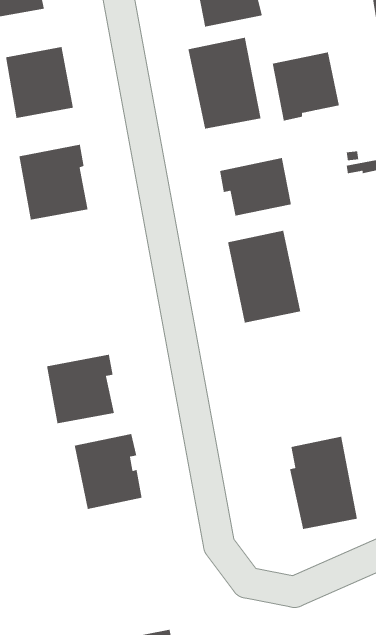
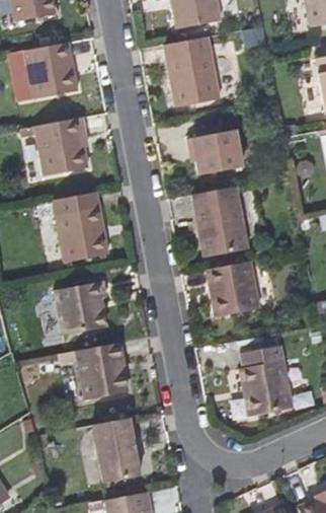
building: [272,51,340,121] -> none
building: none -> [53,193,108,264]
building: none -> [207,260,260,315]
building: none -> [94,419,143,484]

